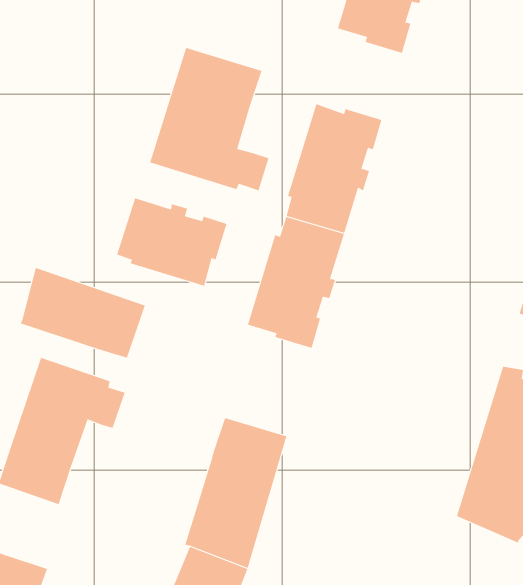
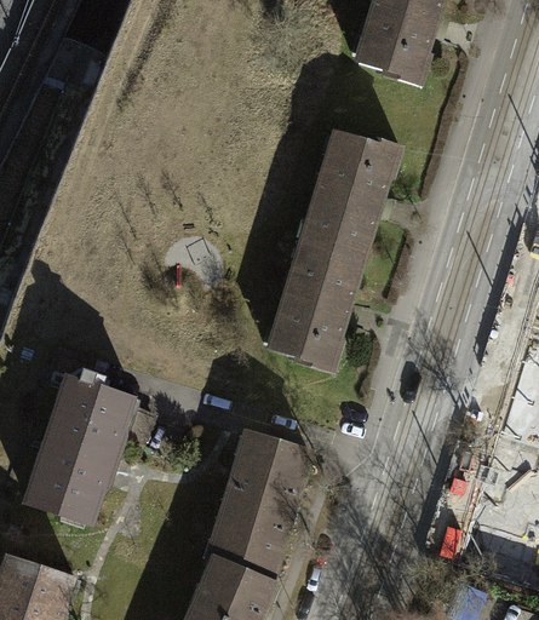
building: [149,47,269,191] -> none
building: [117,198,227,286] -> none
building: [20,267,145,359] -> none

